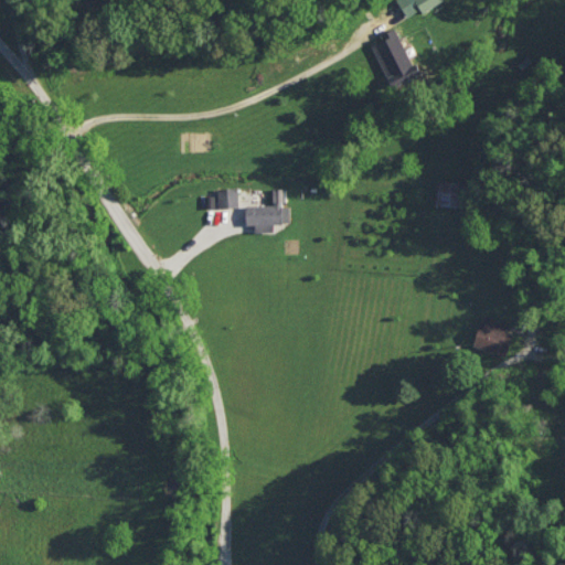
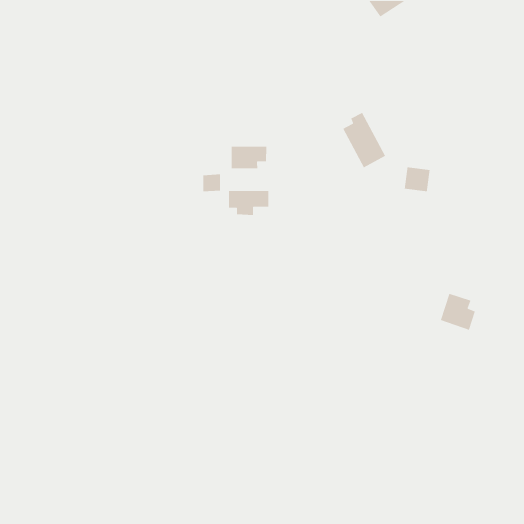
building: [371,29,418,89] -> [342,112,386,168]
building: none -> [231,146,267,169]

